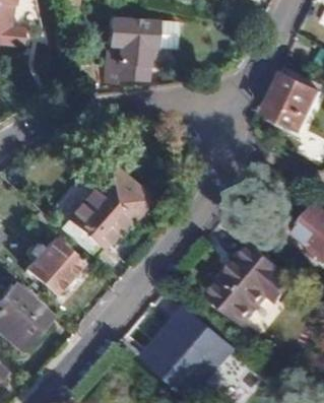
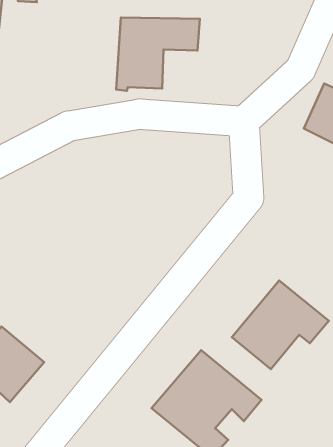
building: [57,164,142,257] -> none
building: [25,239,78,293] -> none

